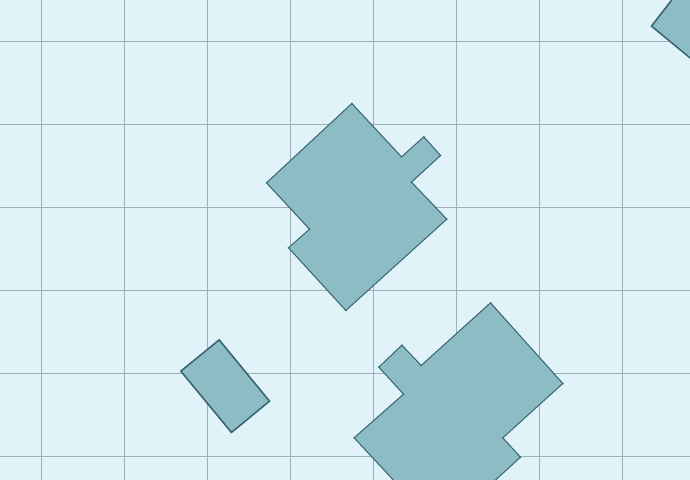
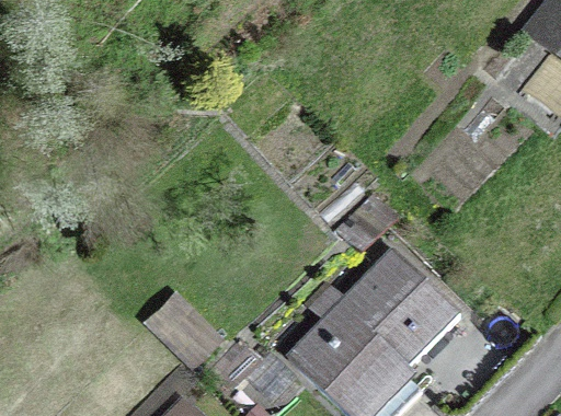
building: [266,104,447,311] -> none

